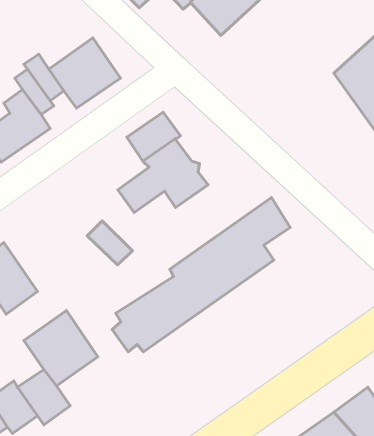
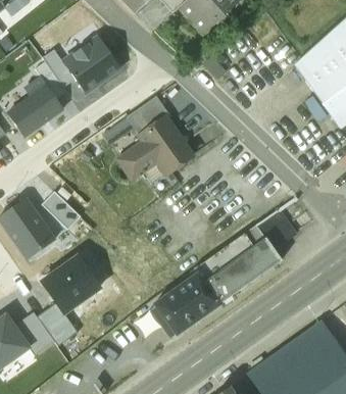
building: [112,197,290,352] -> [149,208,294,334]
building: [87,221,132,265] -> [43,194,80,230]

